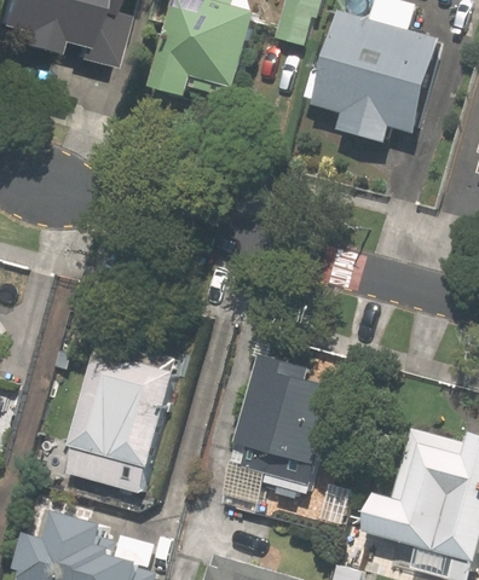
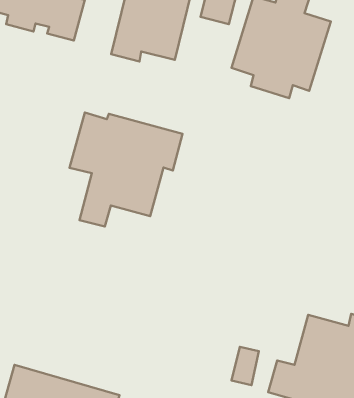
building: none -> [69,113,183,227]
building: [60,327,178,494] -> none
building: [218,355,335,505] -> none

